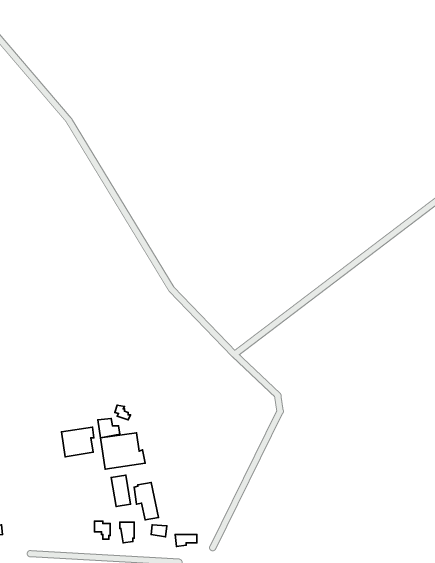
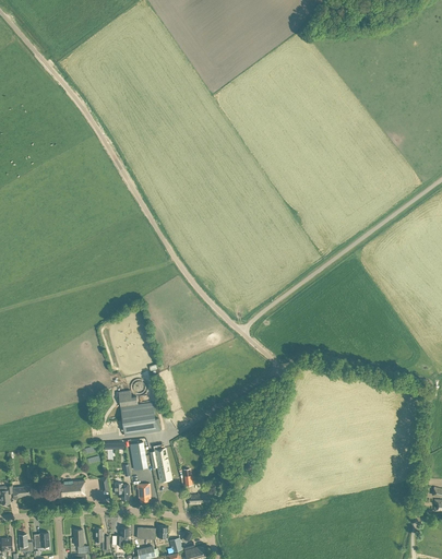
building: [61,427,94,457] -> none
building: none -> [51,479,85,499]

